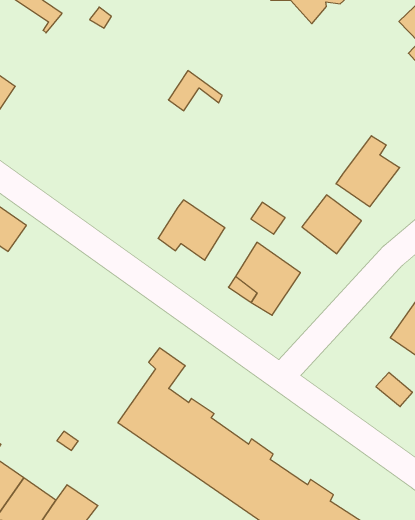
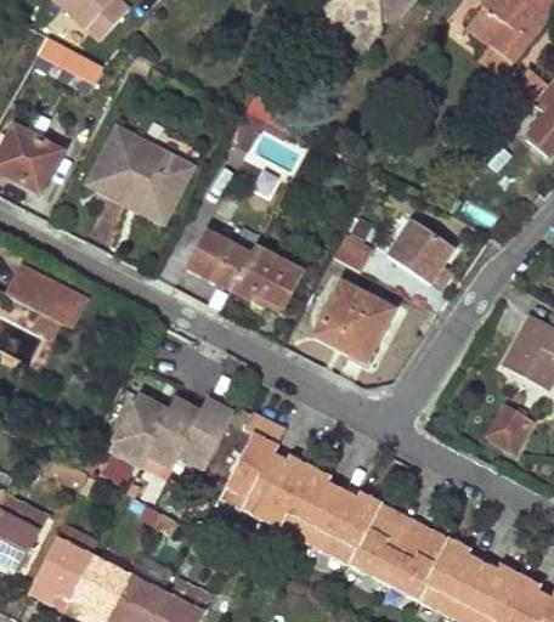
building: none -> [89,130,196,225]
building: [336,136,400,207] -> none
building: none -> [194,236,253,293]
building: none -> [107,395,231,469]

